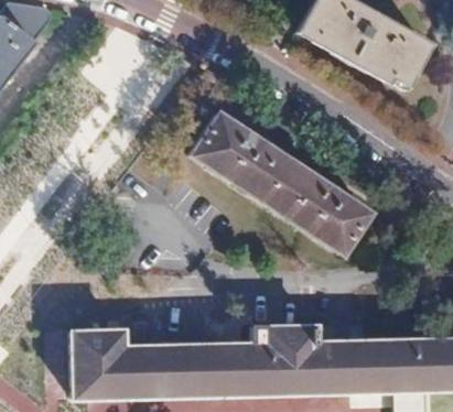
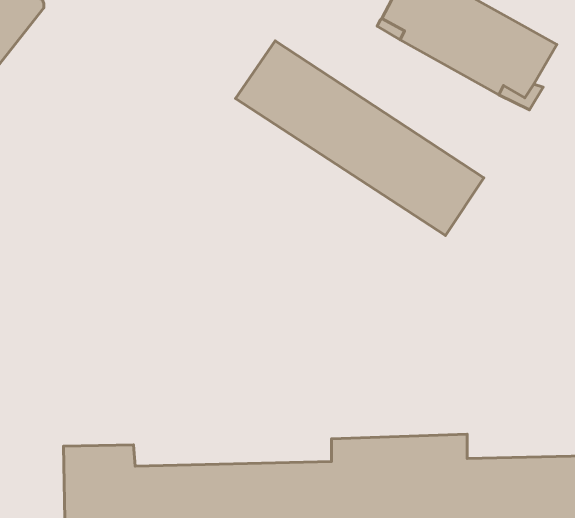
building: [192,112,371,253] -> [236,41,484,236]

